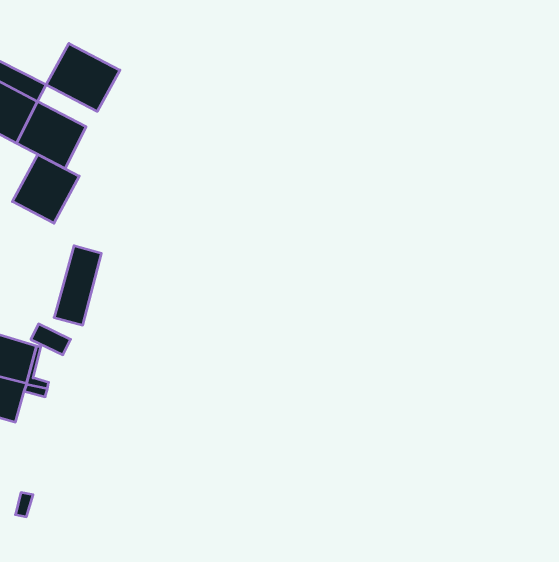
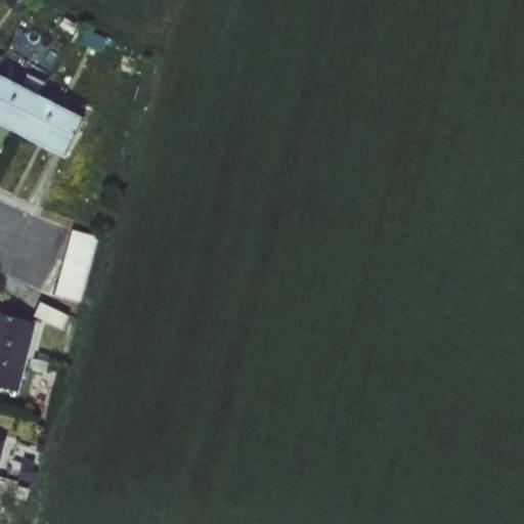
building: [46,43,120,111] -> none
building: [12,154,79,223] -> none

